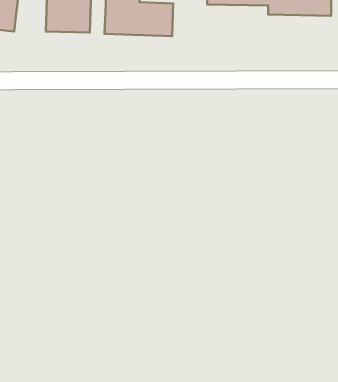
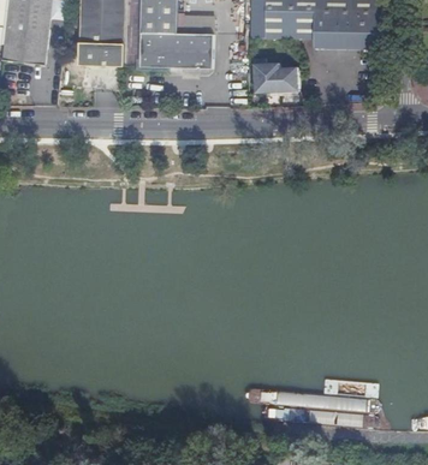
building: none -> [252,56,297,91]

